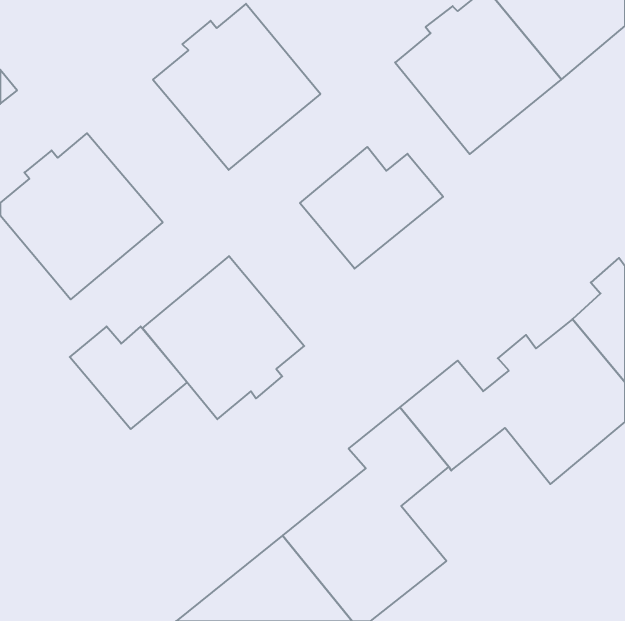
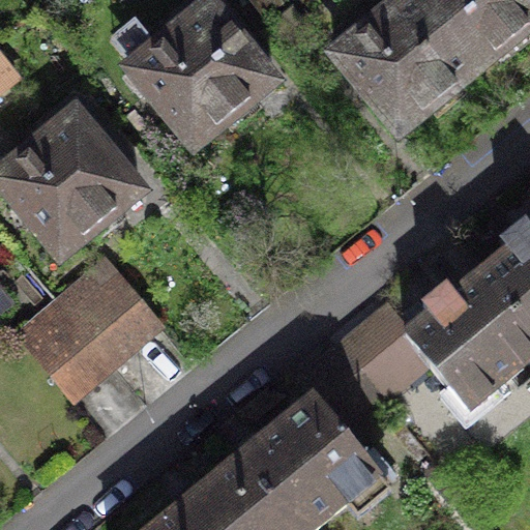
building: [300,147,443,269] -> none
building: [142,256,304,419] -> none
building: none -> [20,302,111,398]

